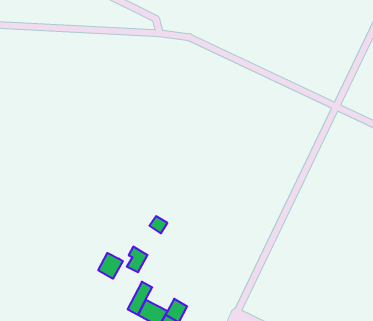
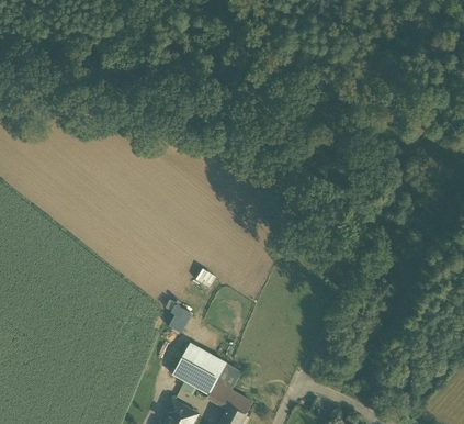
building: [98,253,123,279] -> none
building: none -> [192,349,225,377]

